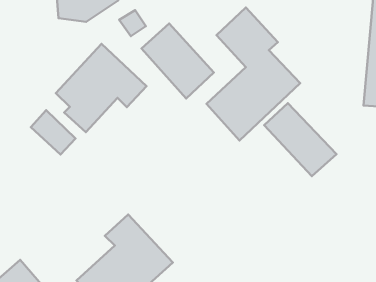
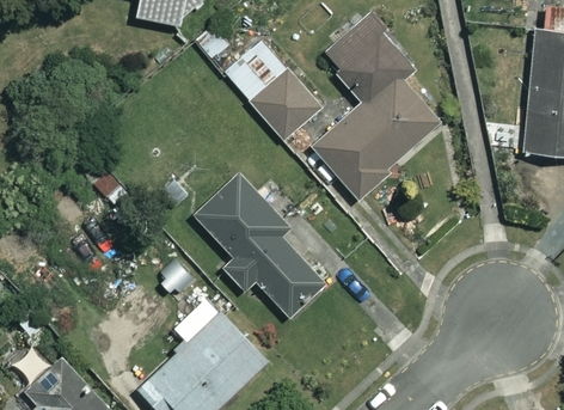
building: [56,44,146,132] -> none
building: [264,103,336,176] -> none
building: none -> [194,175,325,318]

